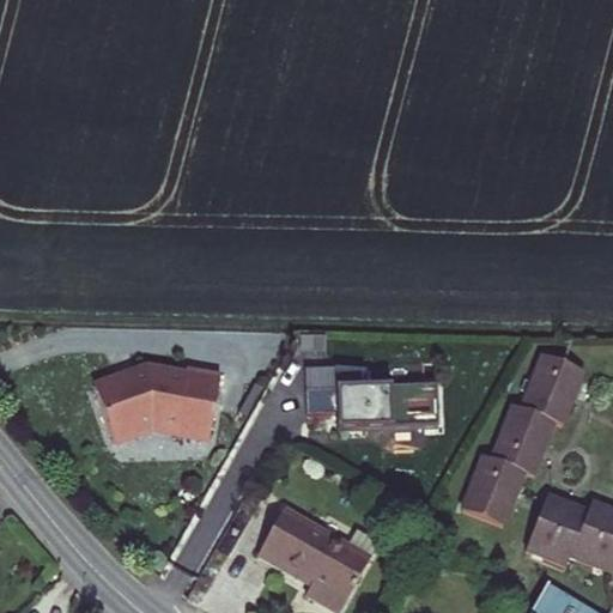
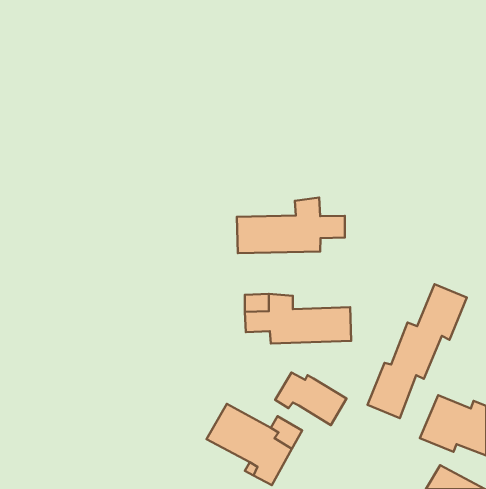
building: none -> [237,197,345,253]
building: [93,366,220,442] -> none
building: none -> [275,373,347,425]

